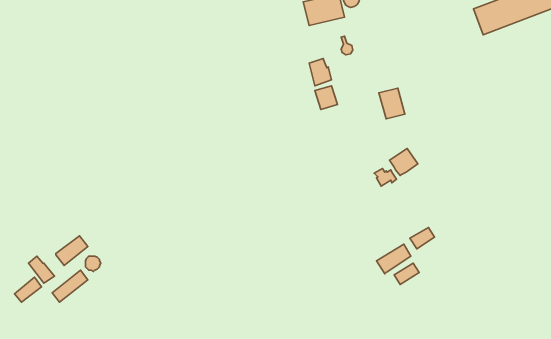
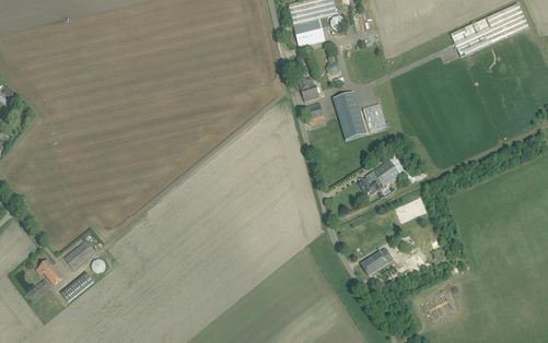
building: none -> [333,91,365,139]

